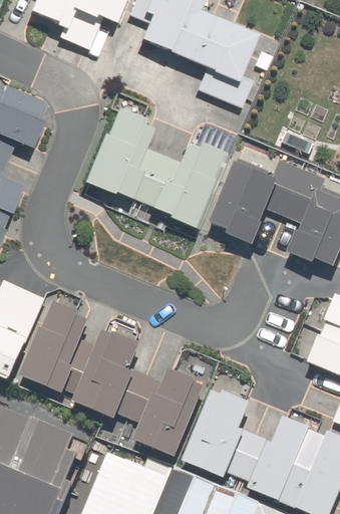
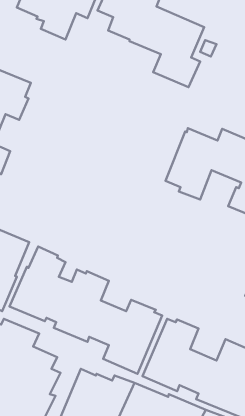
building: [83,107,226,229] -> none

